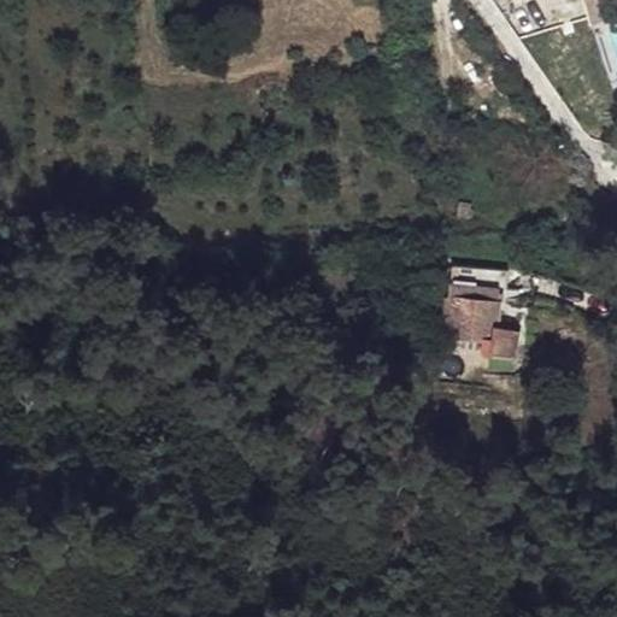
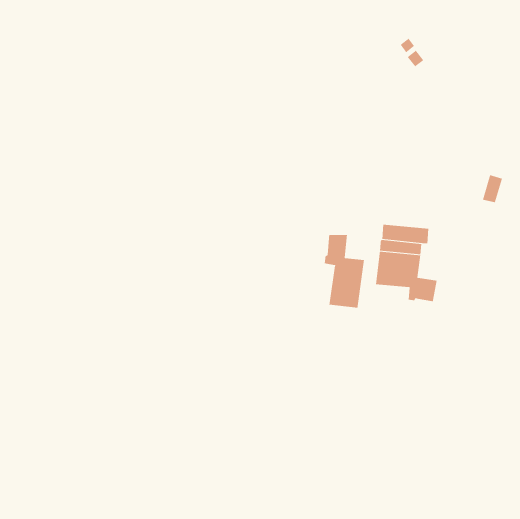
building: none -> [324,234,365,309]

